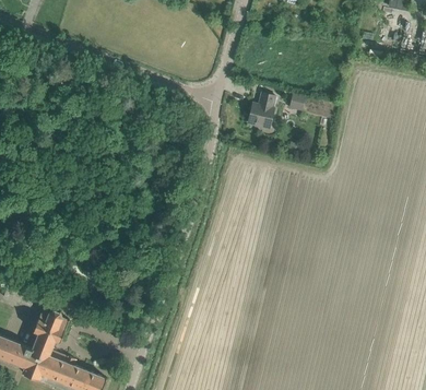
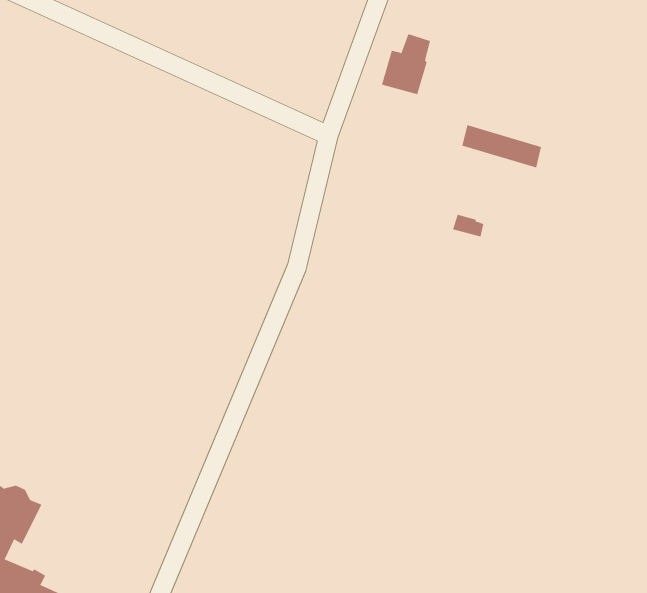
building: [250,91,276,125] -> [381,33,431,95]

